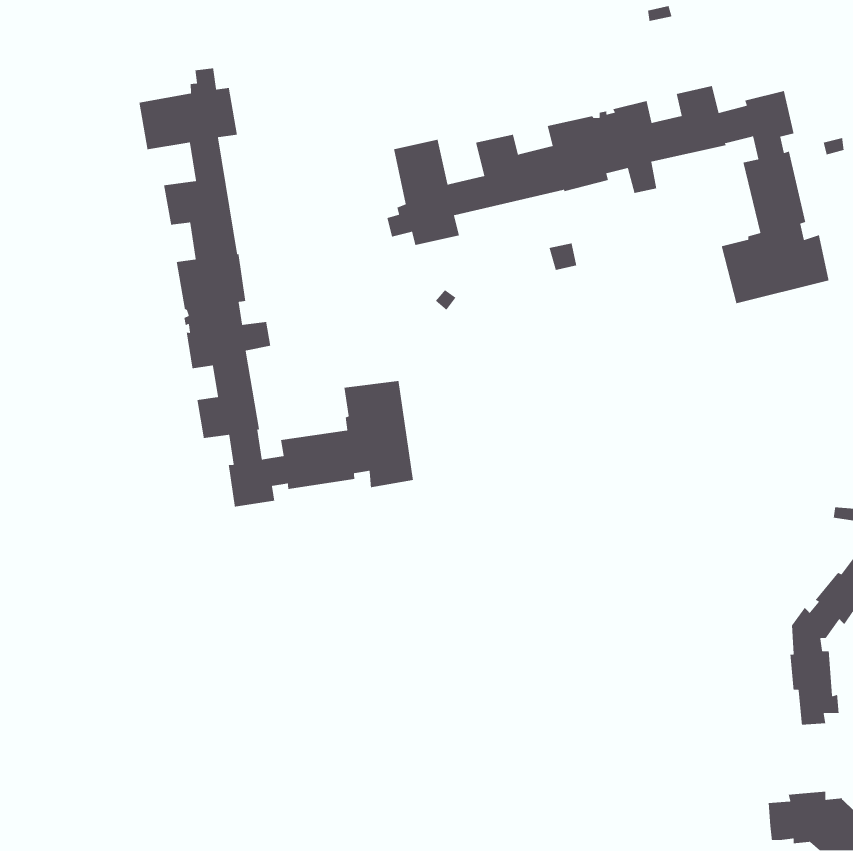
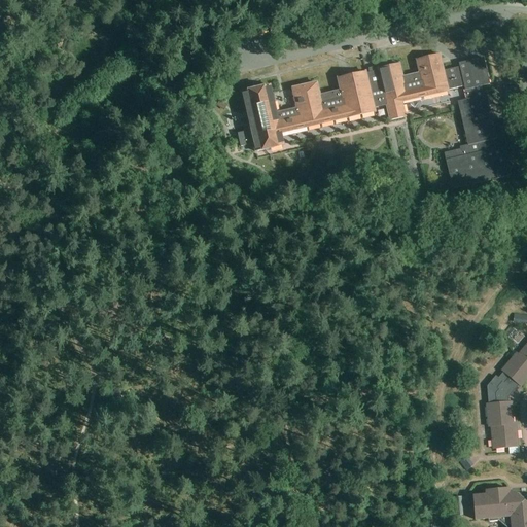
building: [139,67,414,507] -> none

